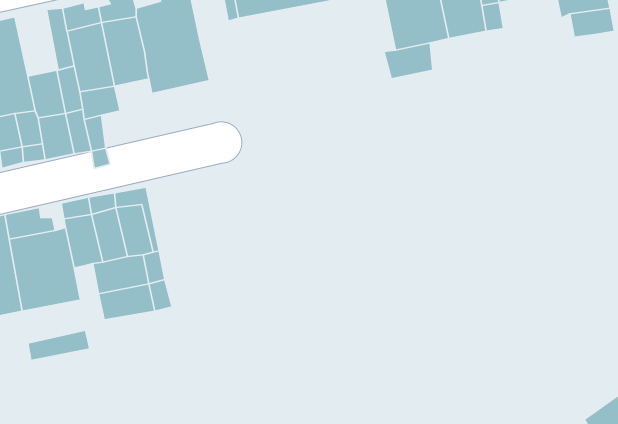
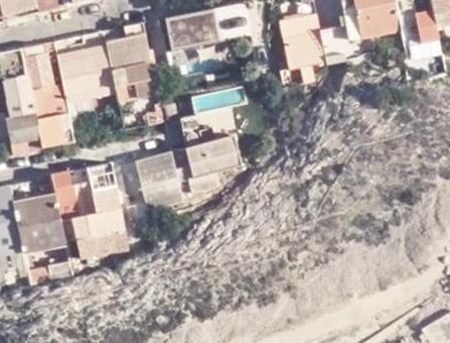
building: none -> [22,42,52,89]
building: none -> [137,108,245,211]

